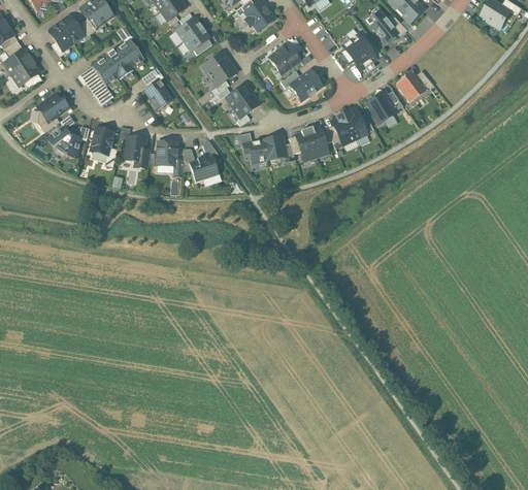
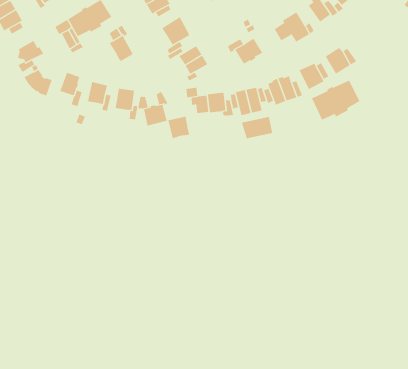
building: [269,42,299,73] -> none
building: none -> [311,80,360,120]
building: none -> [241,116,273,139]
building: none -> [168,116,190,139]

